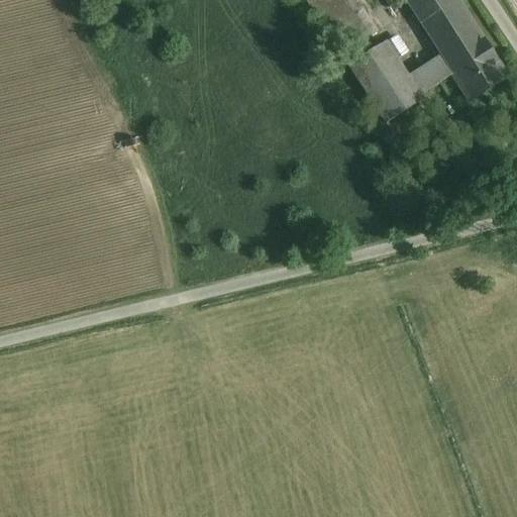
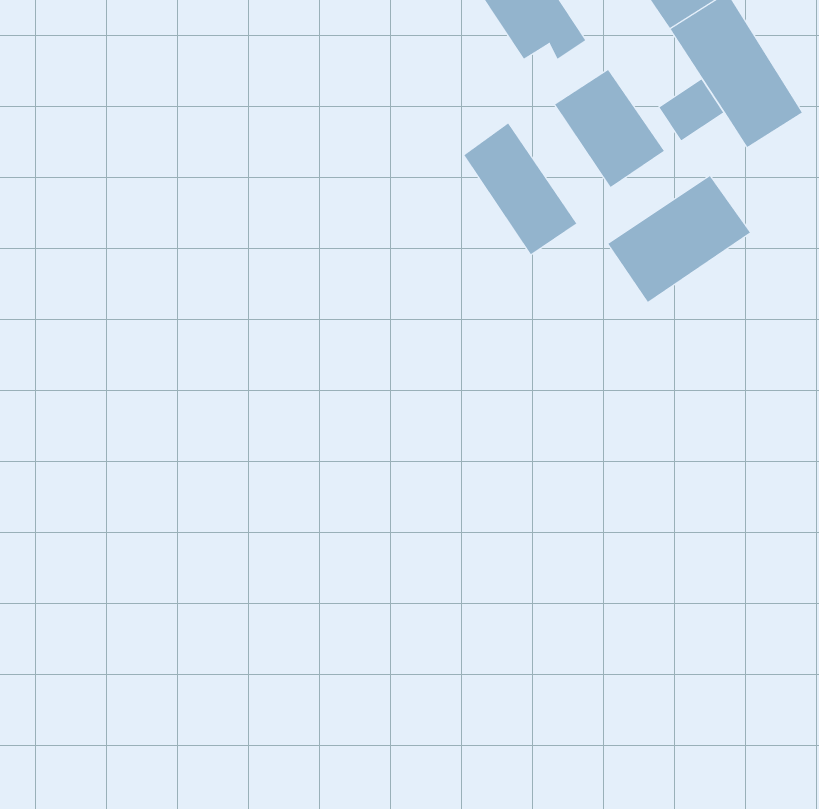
building: none -> [464,123,577,255]
building: none -> [608,175,751,303]

